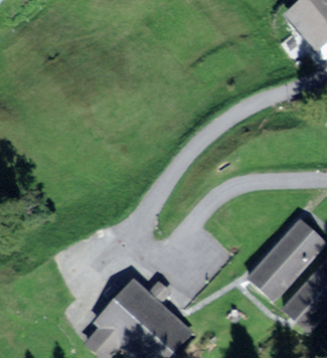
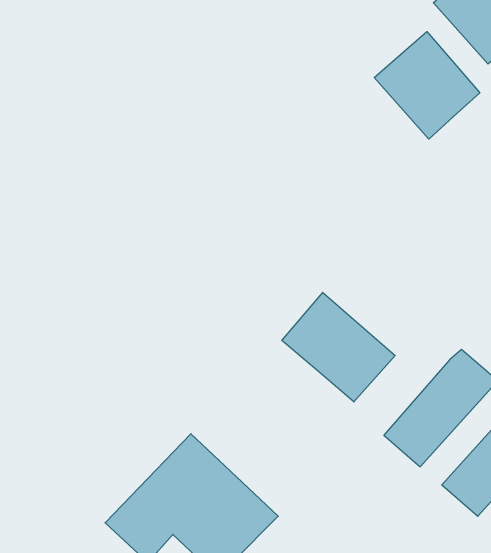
building: none -> [374,32,480,139]
building: none -> [282,292,395,402]

